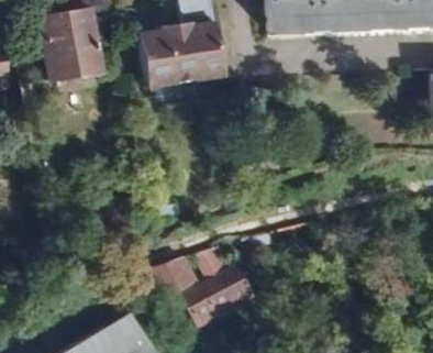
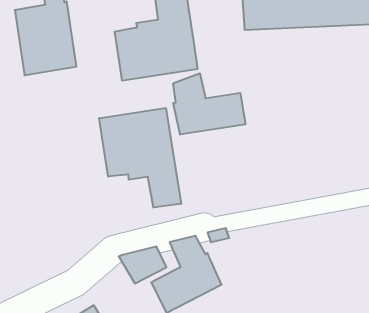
building: none -> [173,73,245,135]
building: none -> [99,108,181,208]

